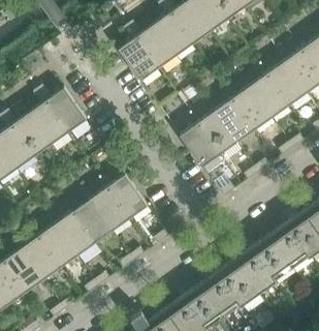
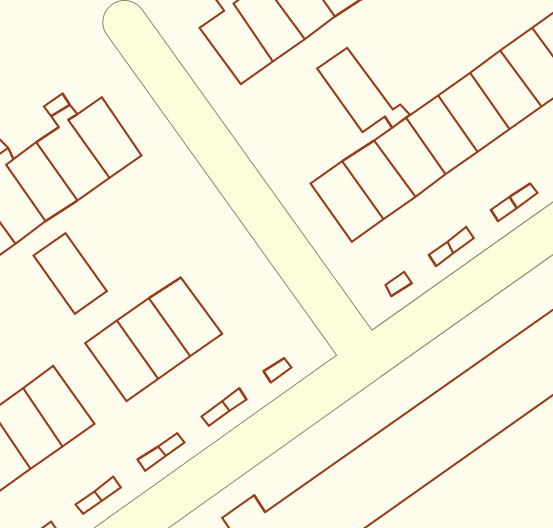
building: none -> [317,48,410,132]
building: [108,174,148,217] -> none
building: [38,222,78,267] -> [34,233,107,314]

